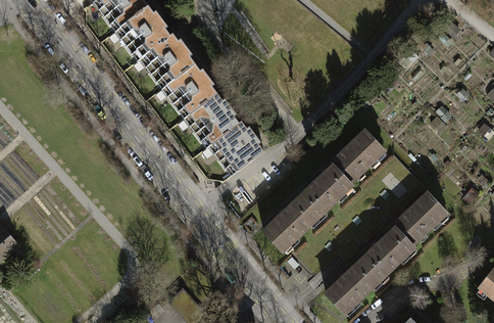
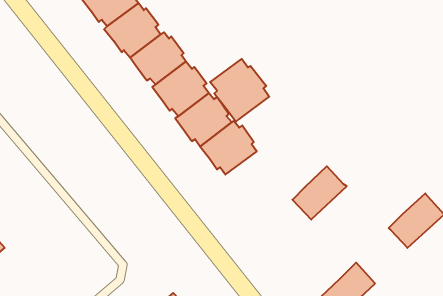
building: none -> [210,59,269,122]
building: [330,131,384,183] -> none
building: [263,198,316,250] -> none
building: [360,228,413,280] -> none

